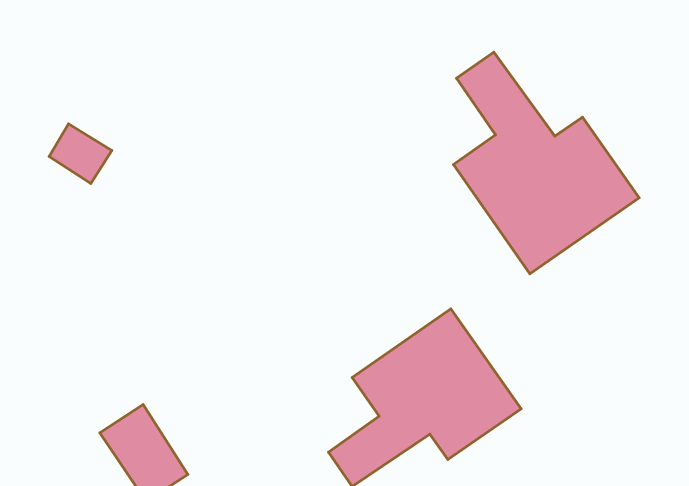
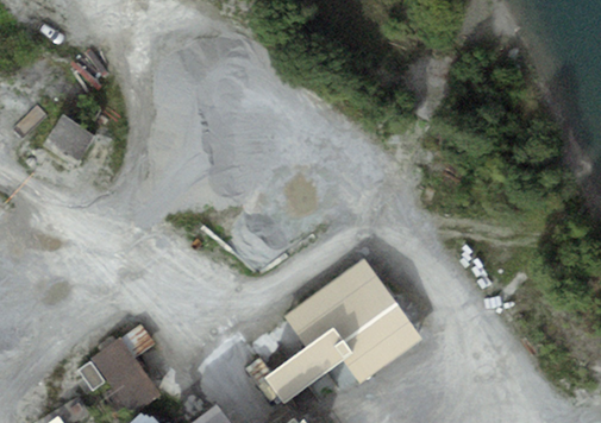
building: [453,52,639,274] -> none

